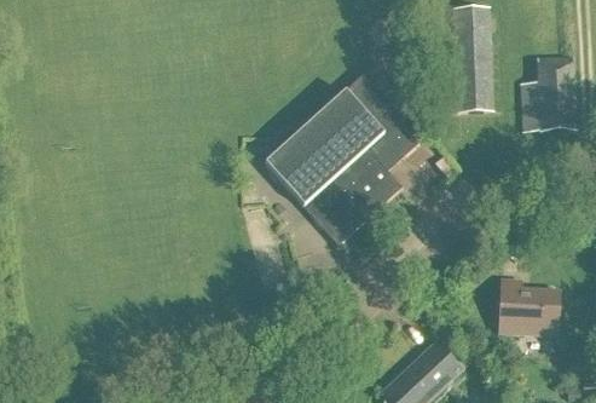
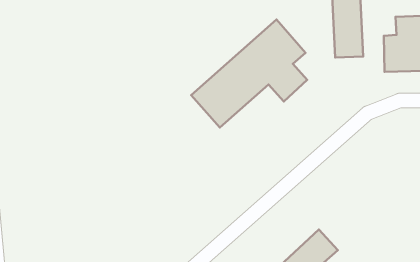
building: [302,146,401,243] -> none
building: [497,280,557,334] -> none

